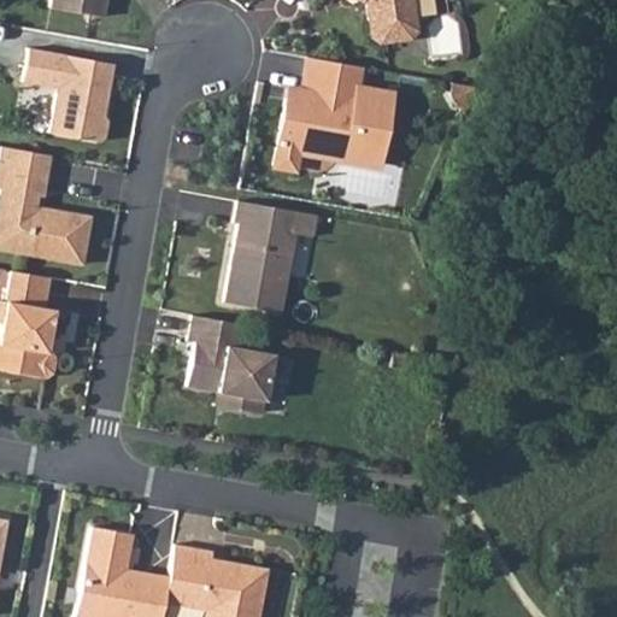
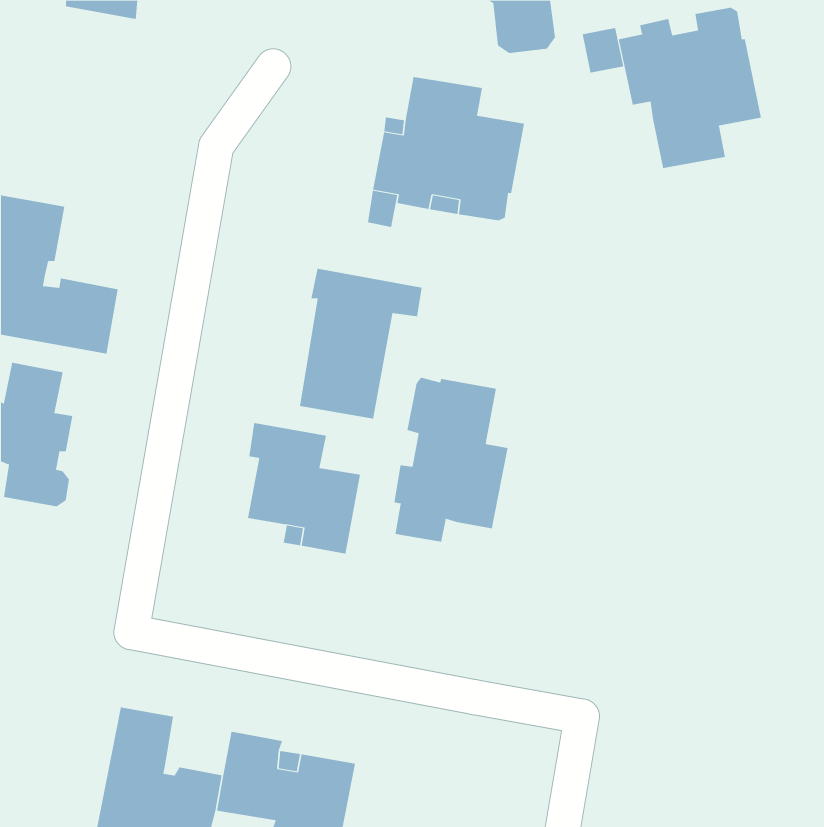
building: none -> [618,7,762,169]
building: [24,49,114,142] -> none
building: none -> [394,377,508,542]

